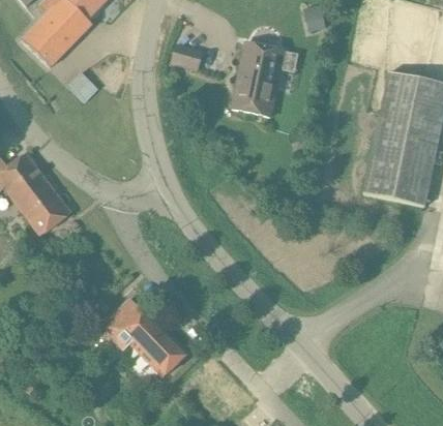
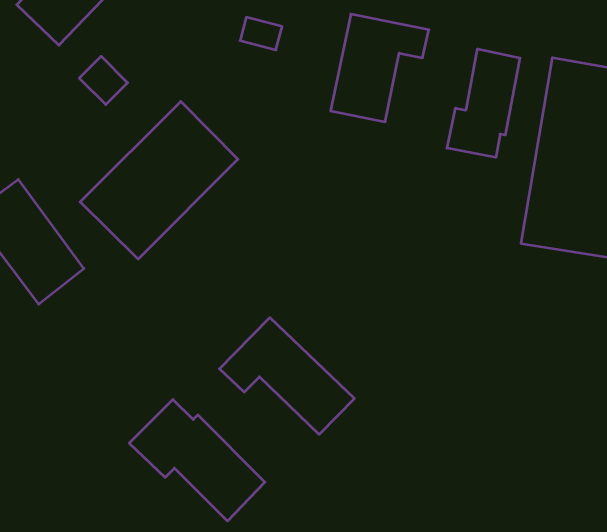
building: none -> [447,49,520,157]
building: none -> [80,101,238,259]
building: none -> [219,318,354,434]

